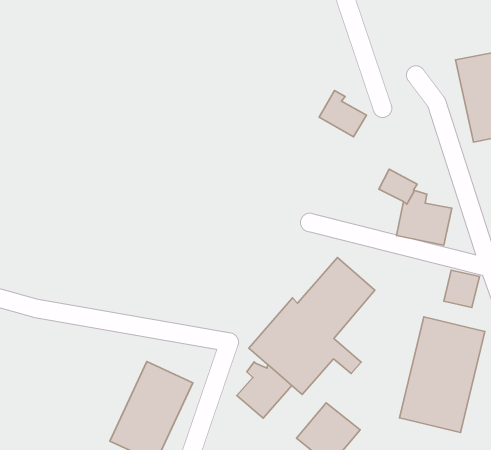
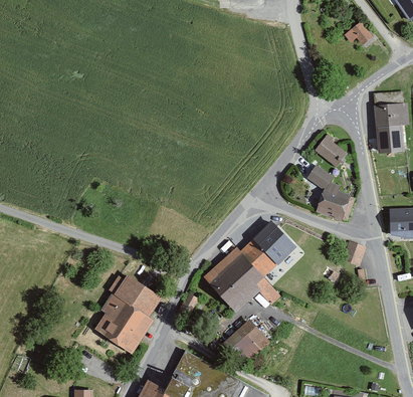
building: [319,91,366,137] -> [315,133,348,167]
building: [400,317,485,433] -> none
building: [237,362,292,418] -> none

